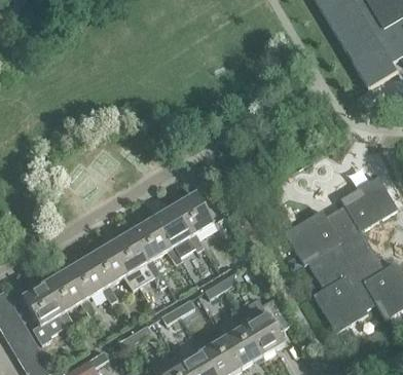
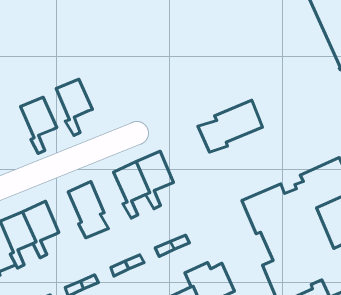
building: none -> [198,100,263,152]
building: [131,219,170,276] -> [56,79,92,136]
building: [87,245,126,302] -> [21,97,57,154]

